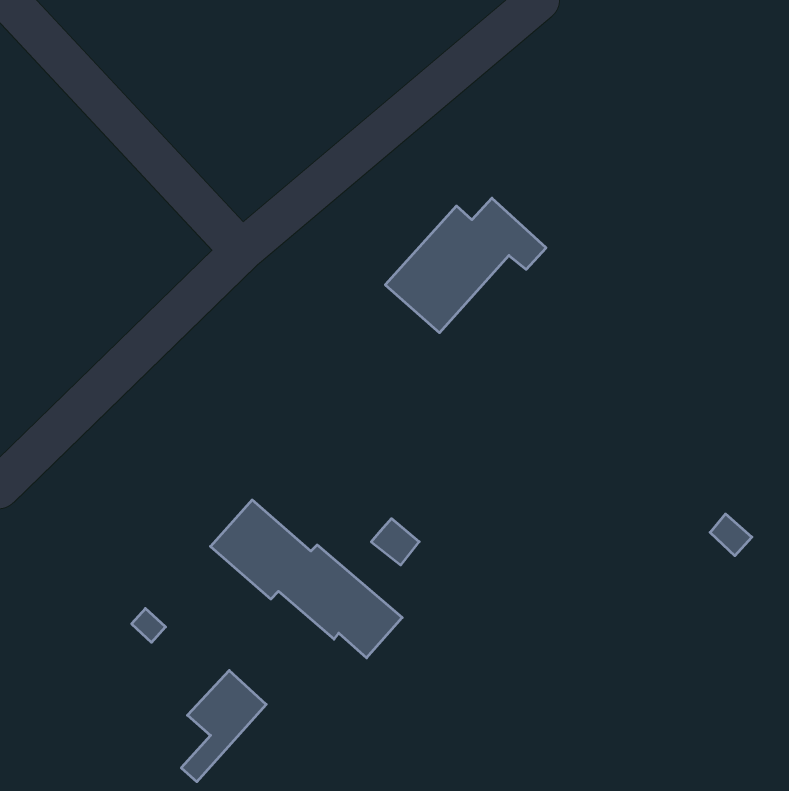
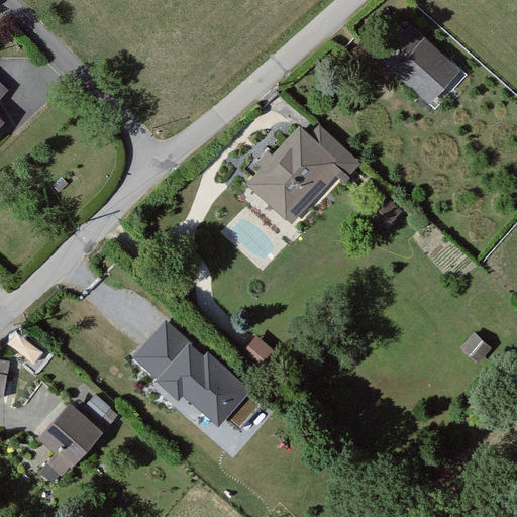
building: none -> [388,33,454,99]
building: [181,670,266,782] -> [40,410,96,483]

